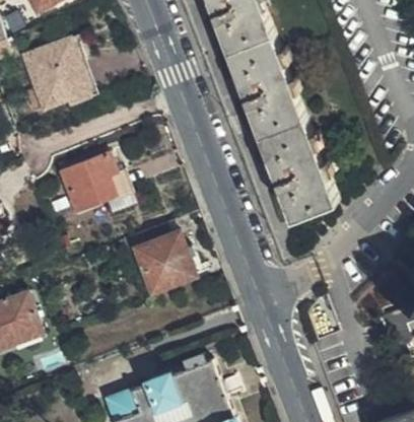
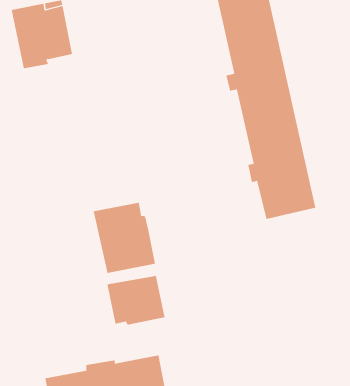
building: [59,156,128,213] -> none
building: none -> [107,275,165,325]

